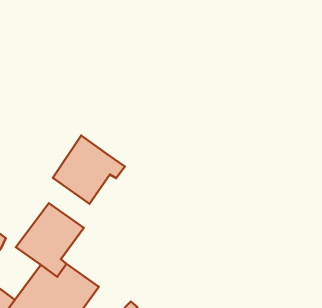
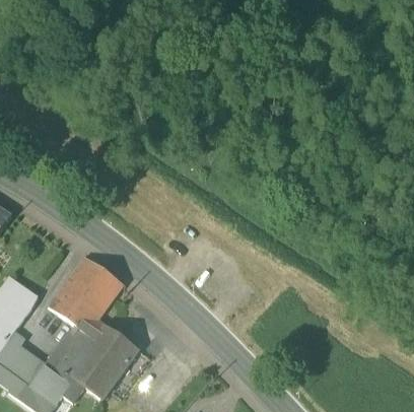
building: [53,135,125,204] -> none

